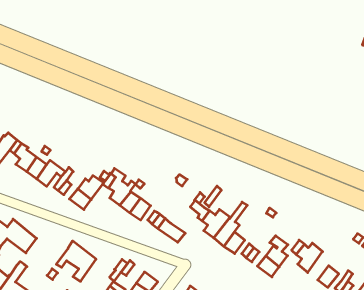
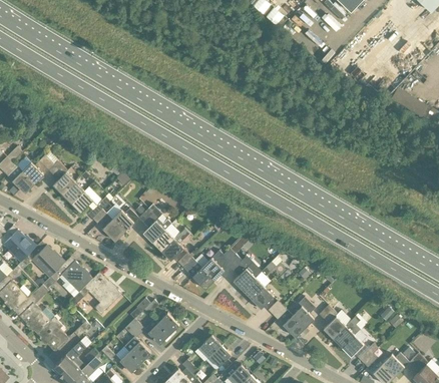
building: none -> [200,251,231,281]
building: none -> [42,257,92,293]
building: none -> [332,316,360,348]

